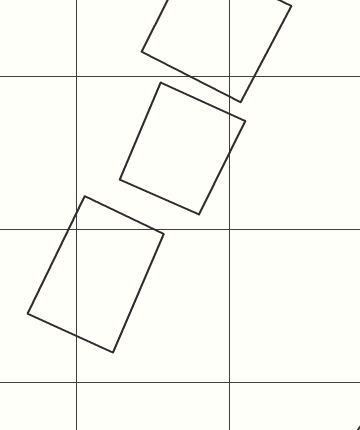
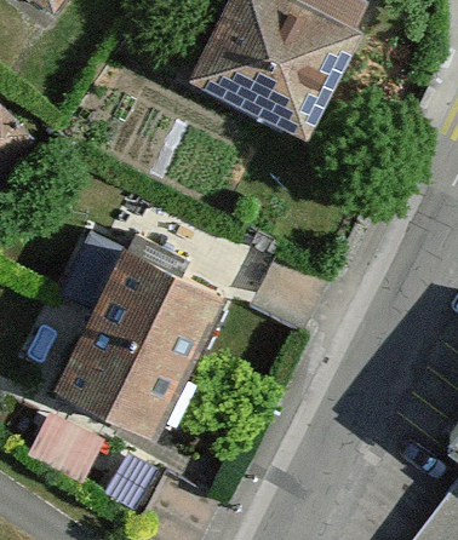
building: [120,82,245,215] -> none

